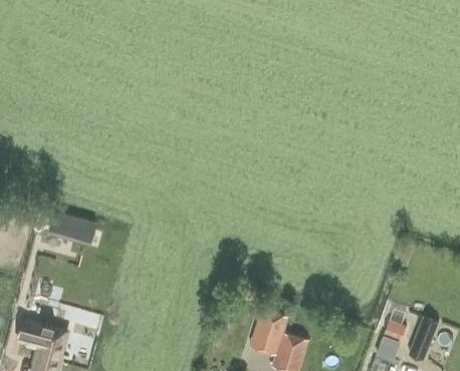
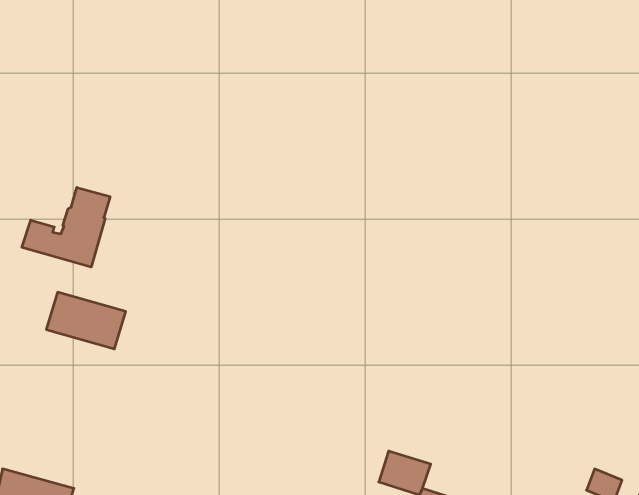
building: none -> [22,187,110,267]

